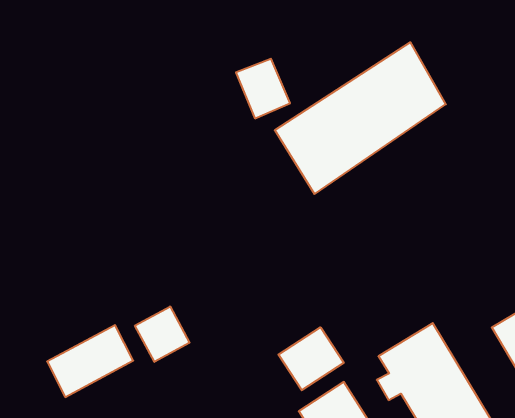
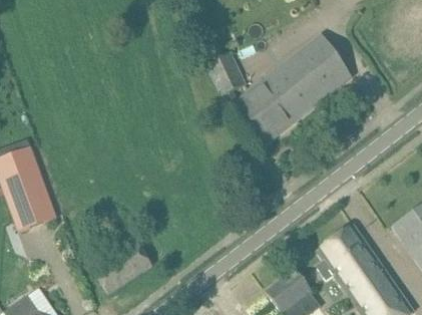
building: [135,306,190,362] -> none
building: [278,327,344,390] -> none

